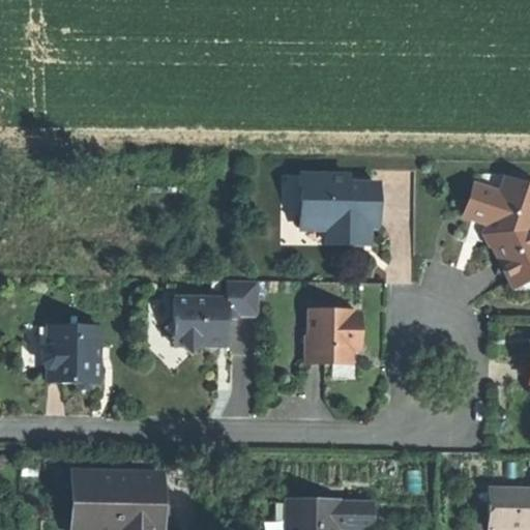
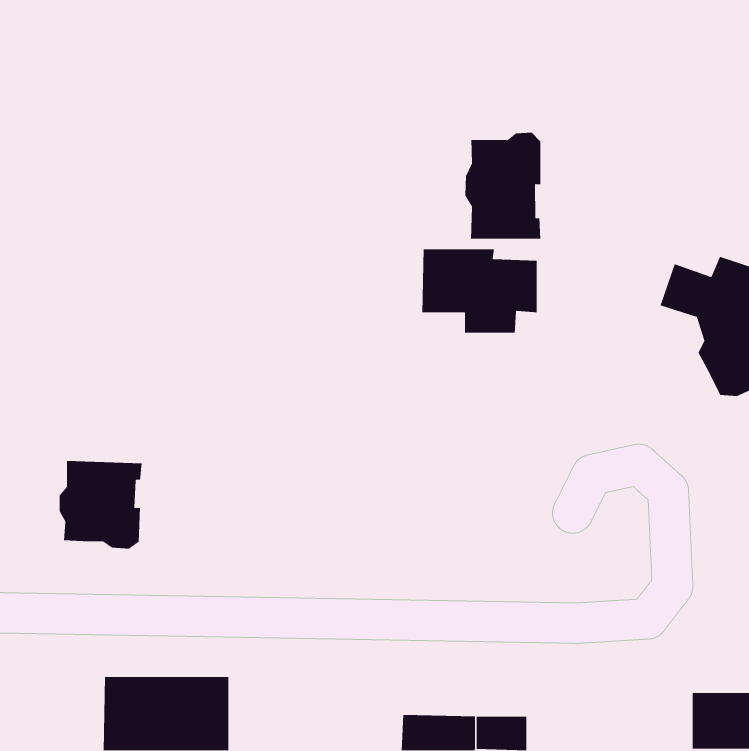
building: none -> [465,132,541,240]
building: [166,282,260,355] -> none
building: [304,310,360,361] -> none

